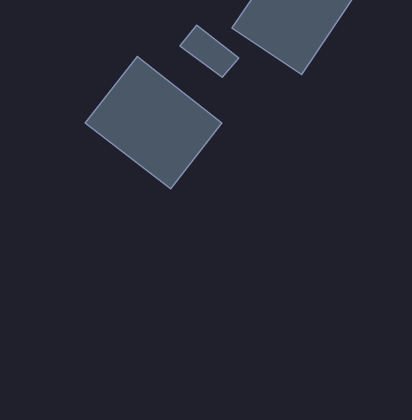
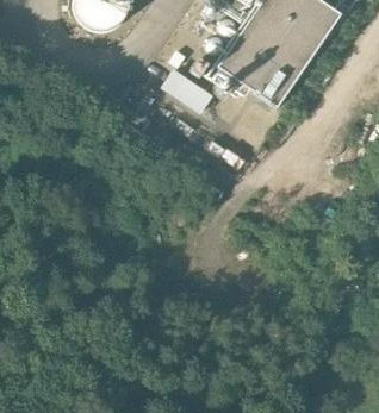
building: [85,56,222,189] -> none

